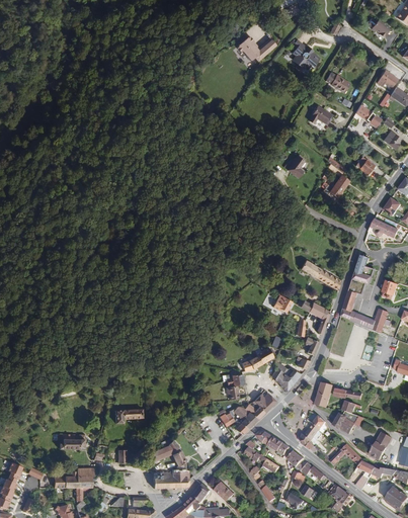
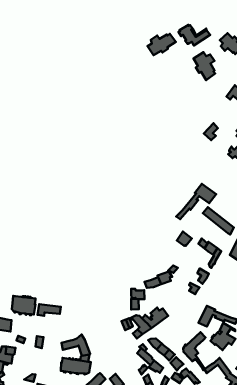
building: none -> [148,34,176,55]
building: none -> [194,52,215,80]
building: none -> [176,184,216,219]
building: [271,367,301,392] -> none
building: none -> [12,296,36,315]

